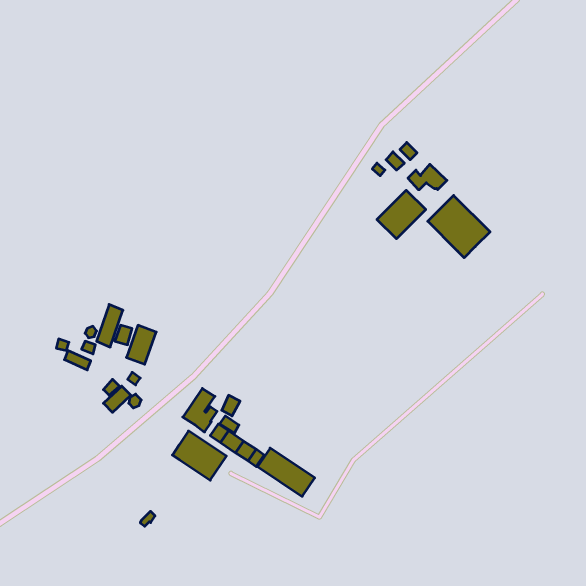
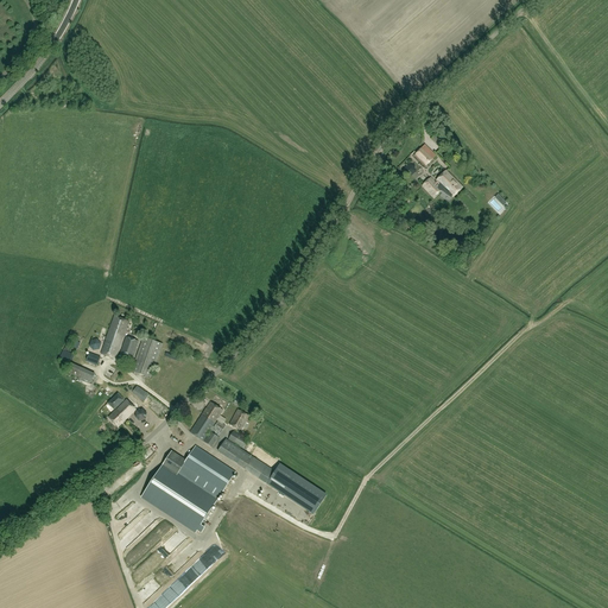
building: [377,190,426,239] -> none
building: [428,195,490,258] -> none
building: none -> [140,450,216,532]

